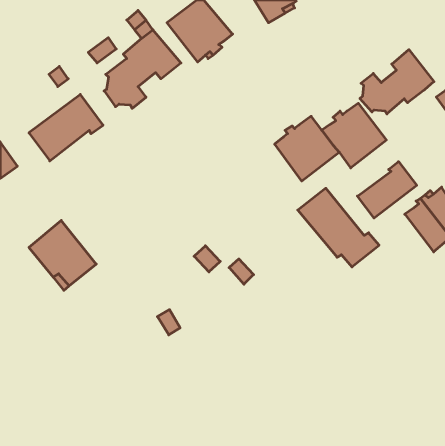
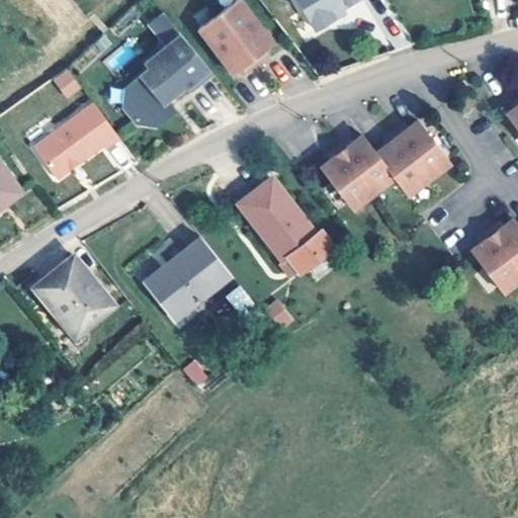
building: [360,50,434,114] -> none
building: [357,162,417,218] -> none
building: [298,188,379,267] -> [237,177,331,268]
building: none -> [146,239,230,320]

